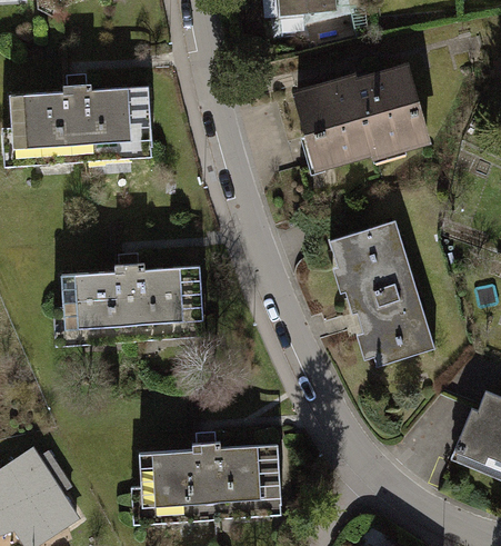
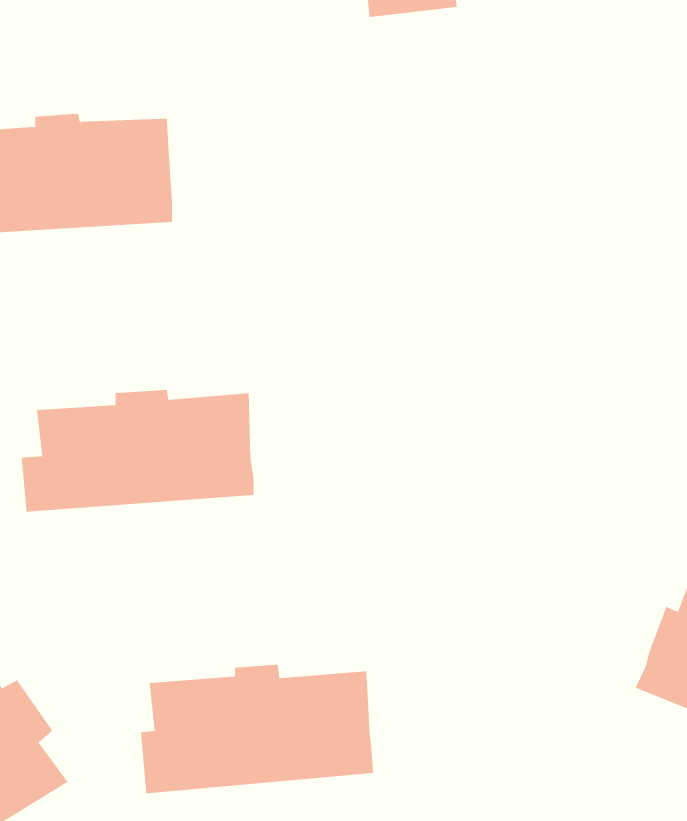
building: [291,61,438,177] -> none
building: [330,221,433,361] -> none

